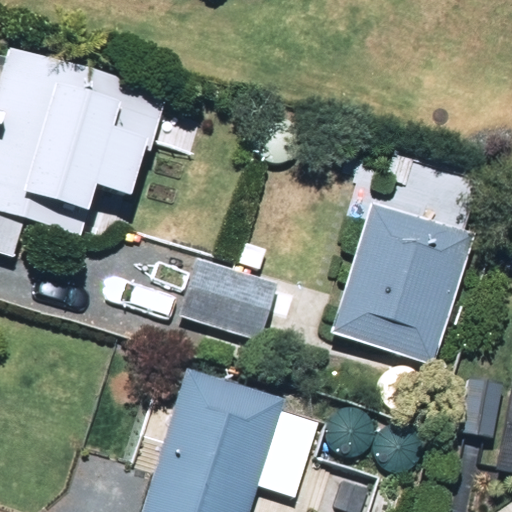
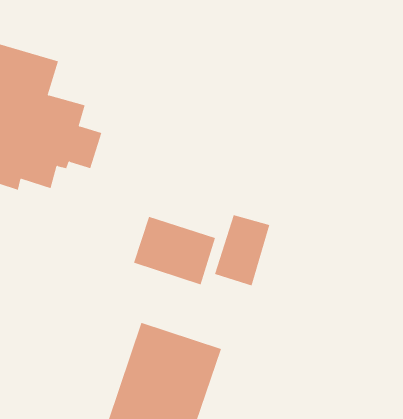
building: [333,208,471,362] -> none

